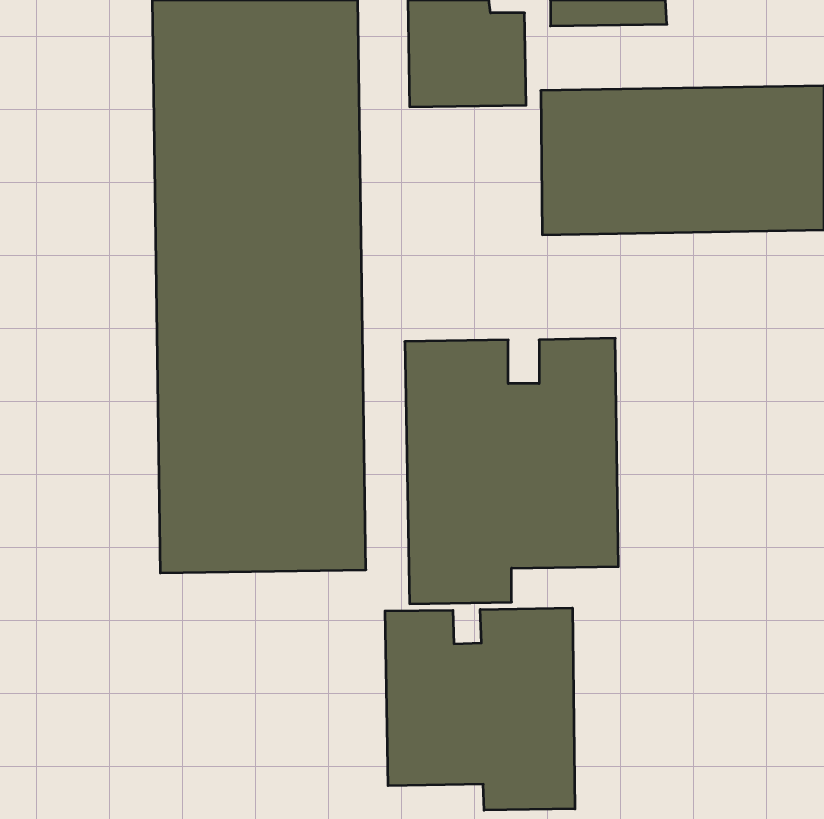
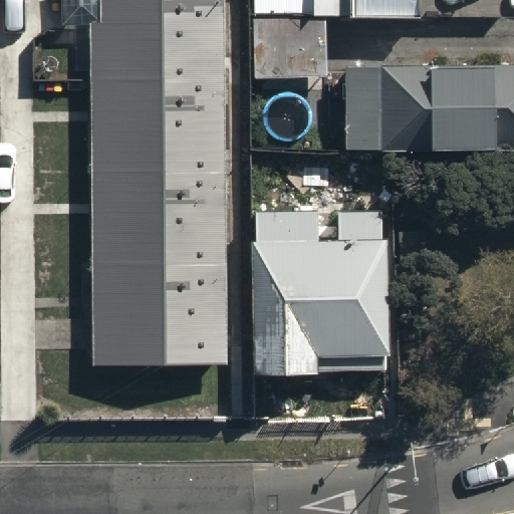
building: [385,608,575,810] -> none

